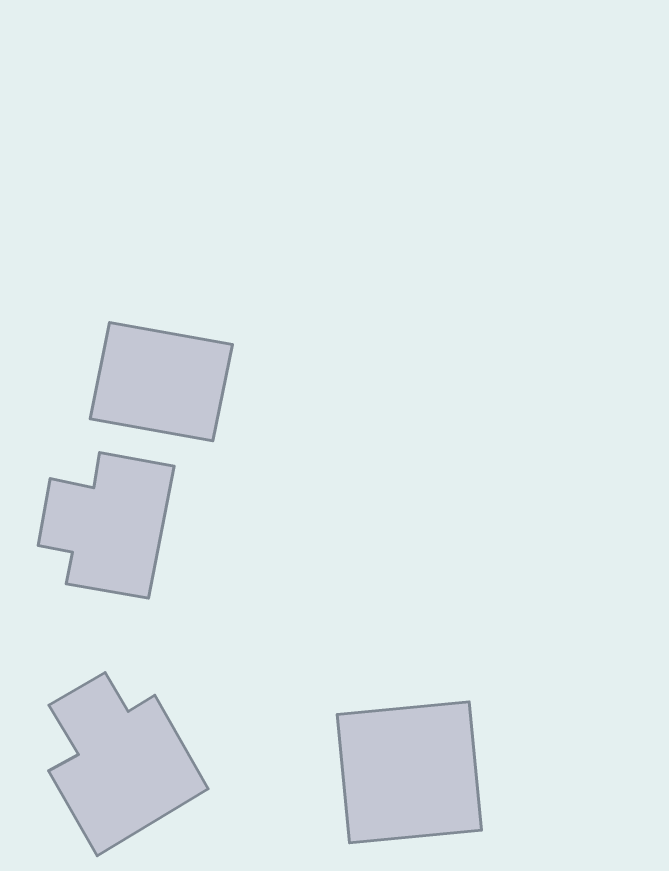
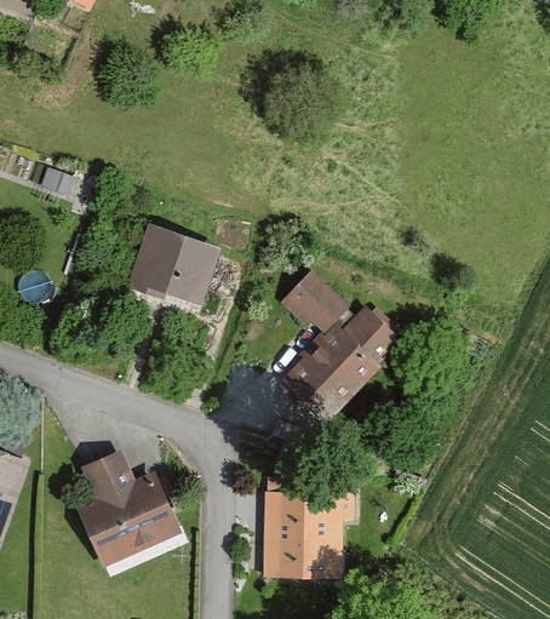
building: none -> [281,270,399,424]
building: [38,453,174,598] -> none

